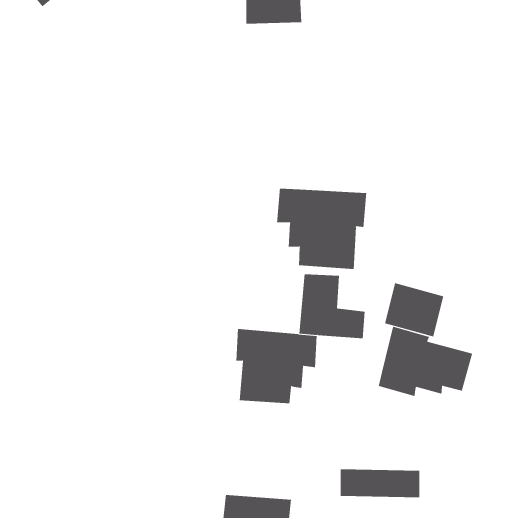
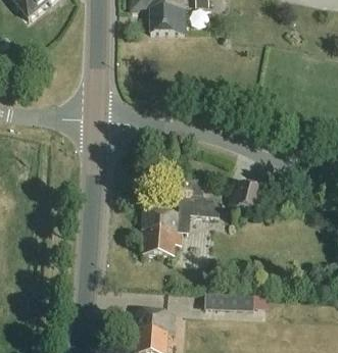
building: [276,188,367,270] -> none
building: [378,326,473,397] -> none

